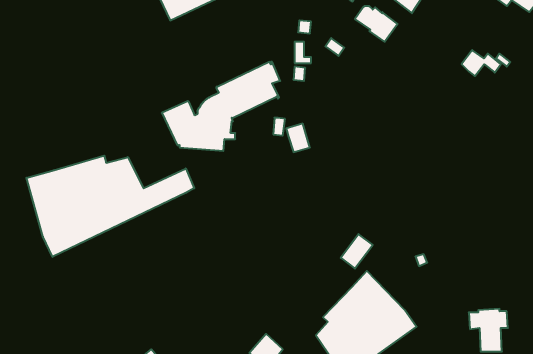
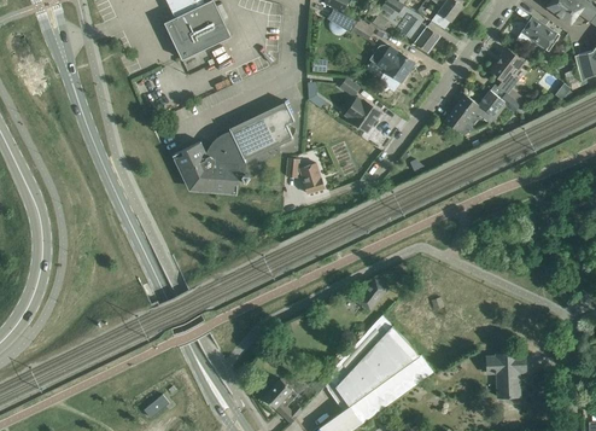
building: none -> [490,49,525,94]
building: none -> [445,95,497,136]
building: none -> [344,99,380,132]
building: [26,156,194,257] -> none

